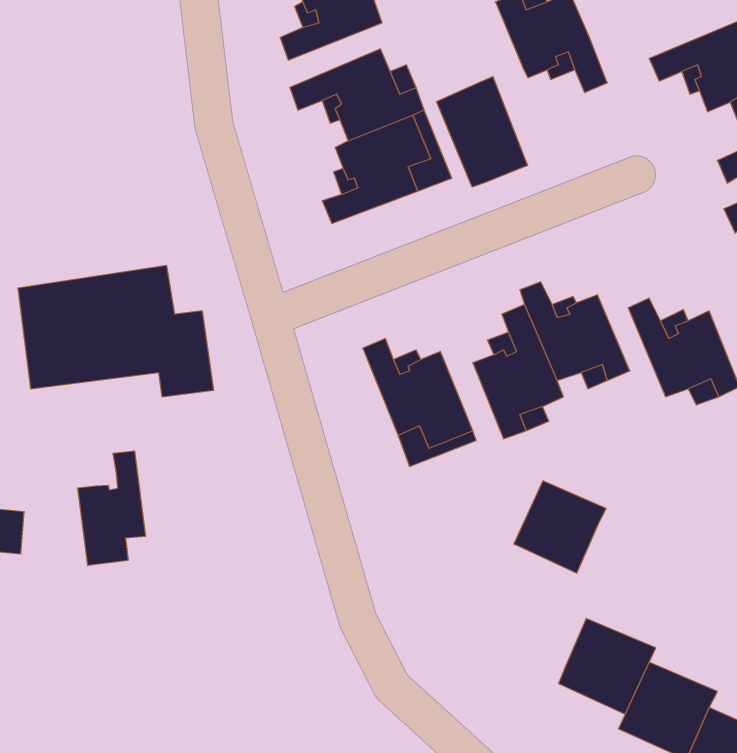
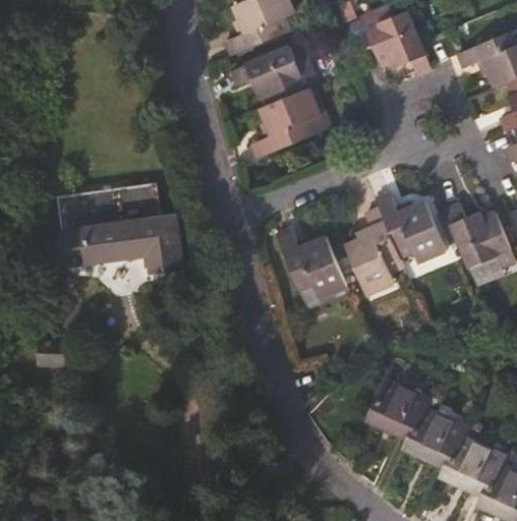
building: [436,77,528,187] -> none
building: [78,451,145,566] -> none
building: [514,481,606,573] -> [365,379,423,437]

